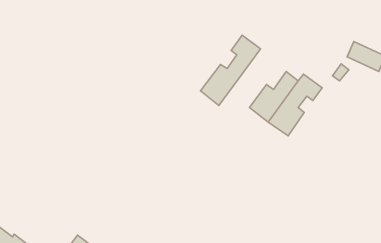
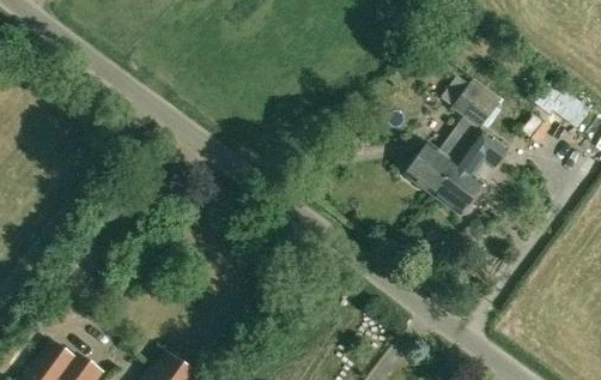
building: [200,35,260,105] -> none
building: none -> [451,78,500,127]

